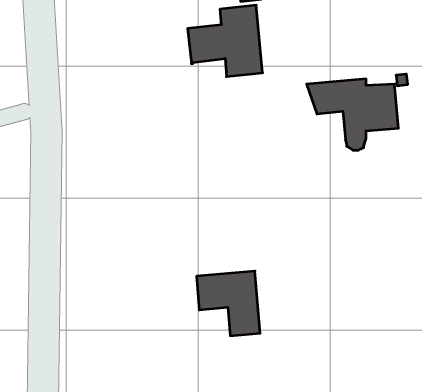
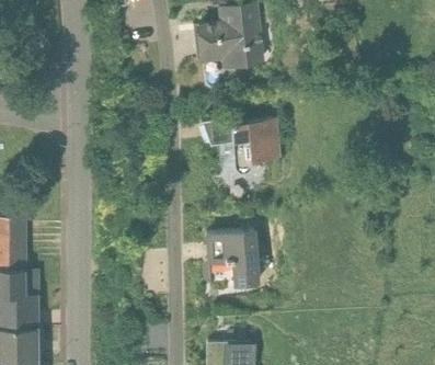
building: [307,79,398,150] -> [202,115,279,175]

